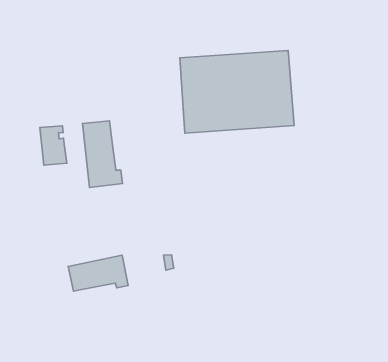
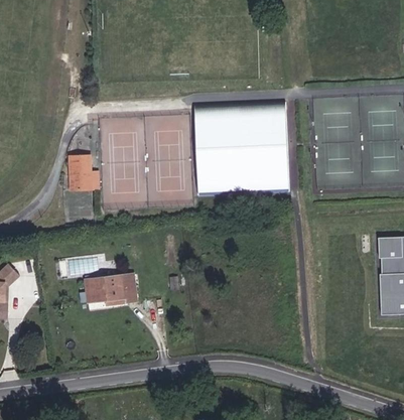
building: [82,121,123,188] -> none
building: none -> [197,171,293,191]

